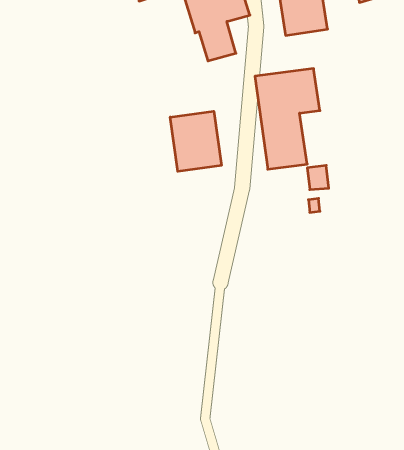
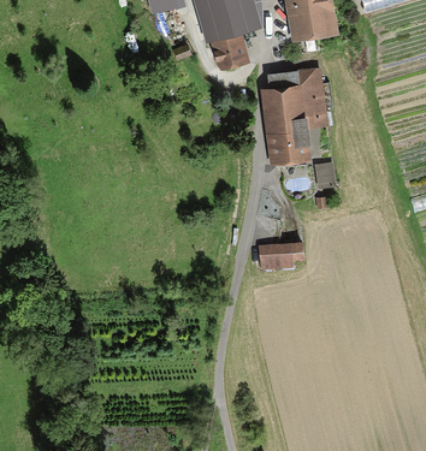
building: [170,111,221,171] -> none
building: none -> [258,242,303,267]

